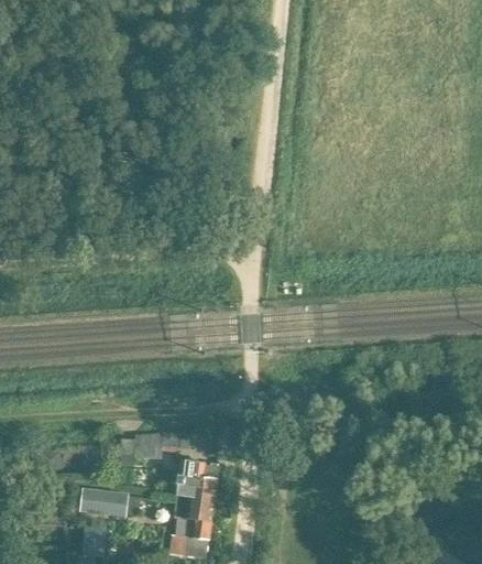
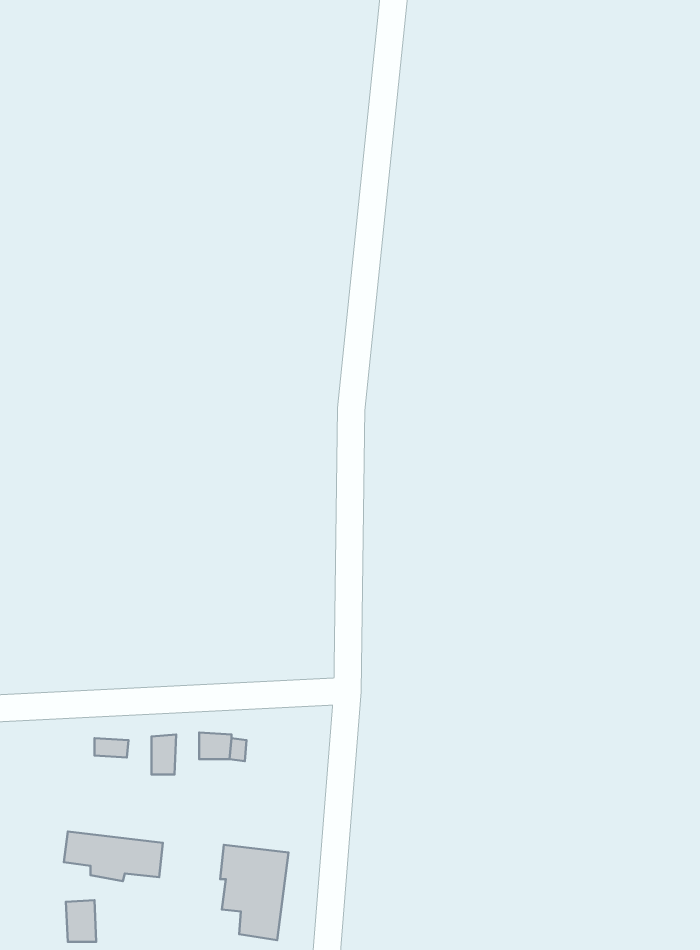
building: [175,459,217,502] -> none

